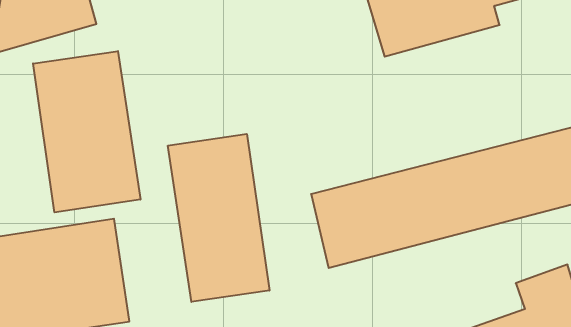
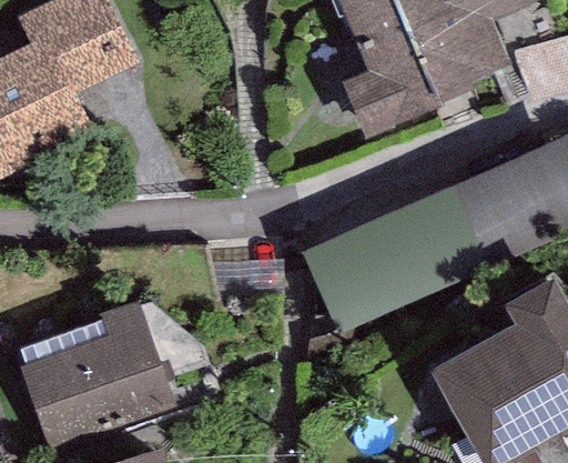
building: [33,51,140,212] -> none
building: [168,134,269,302] -> none

